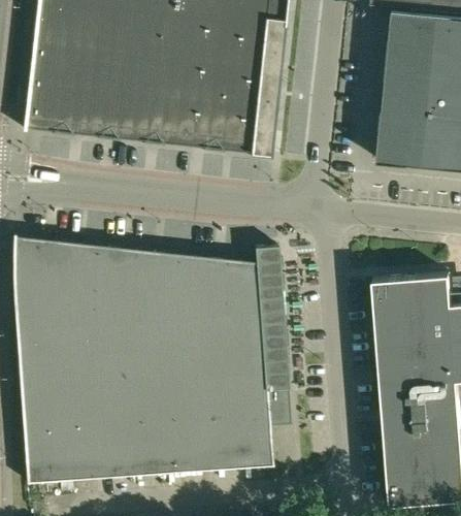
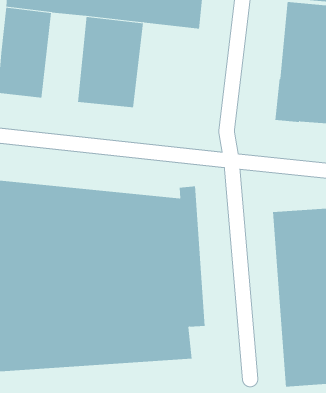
building: [83,25,138,138] -> none
building: [199,37,283,156] -> none

